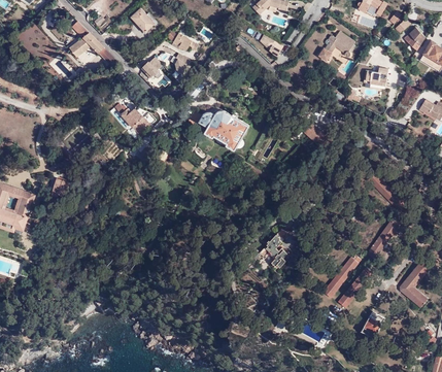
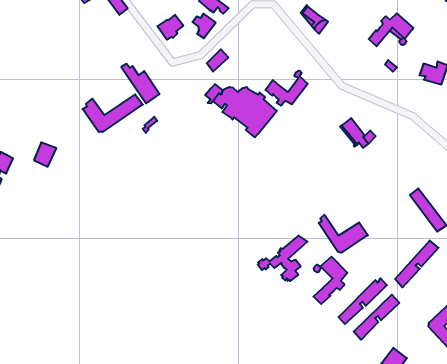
building: none -> [265,71,308,106]
building: none -> [82,94,143,132]
building: none -> [319,215,368,253]
building: none -> [313,257,347,304]

